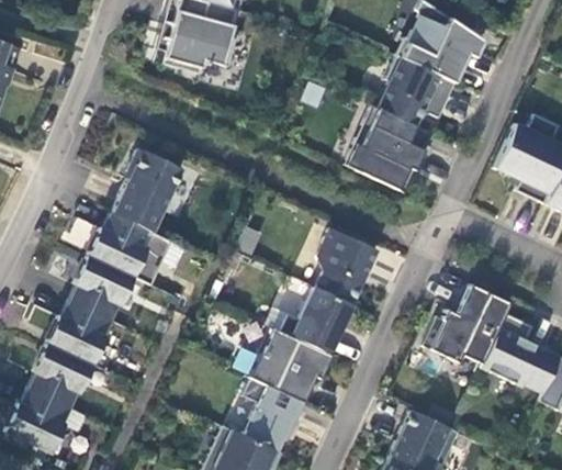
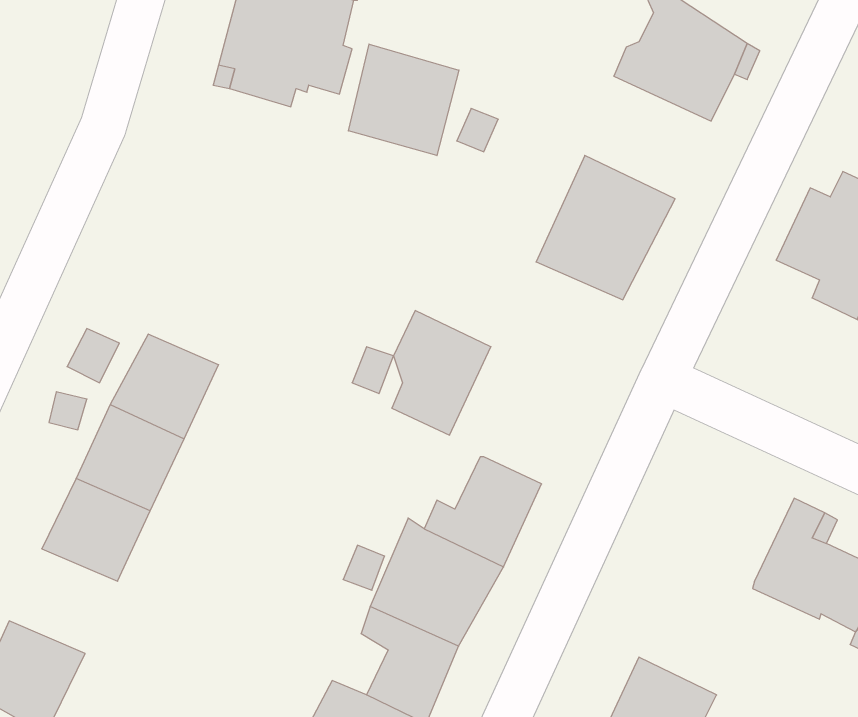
building: none -> [348,44,459,156]
building: [379,55,456,130] -> none
building: [113,149,182,231] -> none
building: [317,227,378,303] -> [392,311,491,435]
building: [424,283,510,362] -> none
building: [29,343,94,406] -> none

